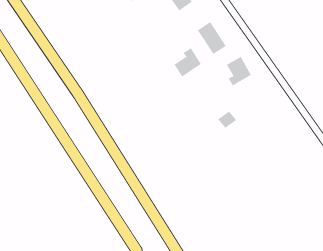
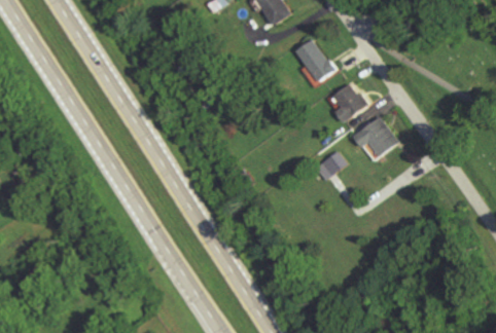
building: [173,47,202,78] -> none
building: none -> [351,116,397,156]

